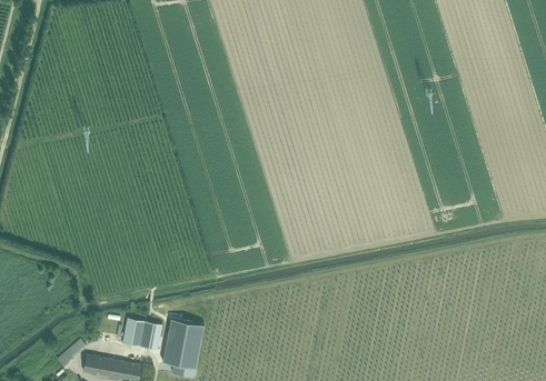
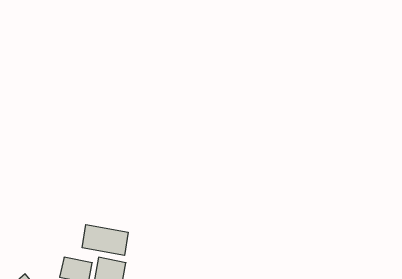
building: none -> [82,225,128,255]

